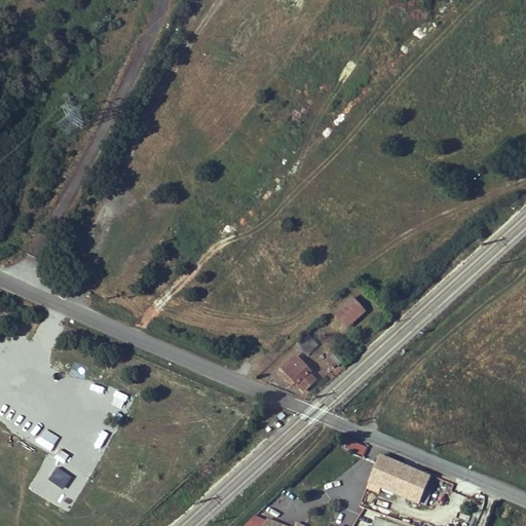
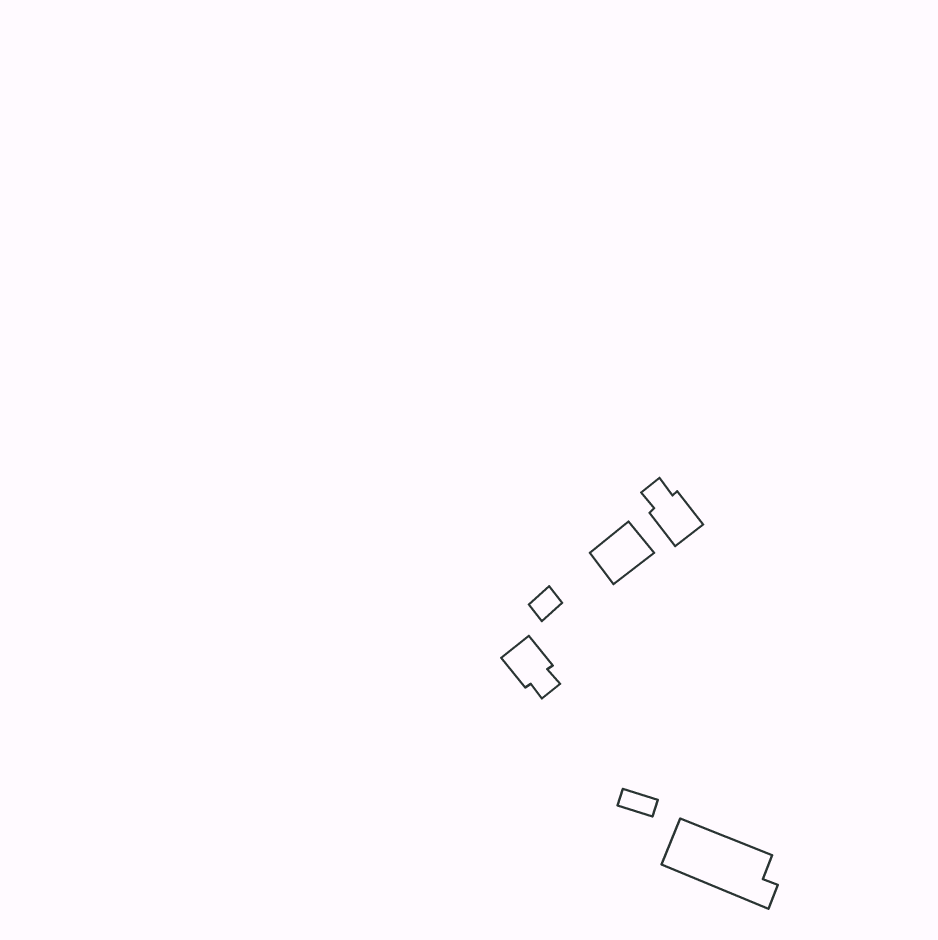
building: none -> [641,478,703,546]

